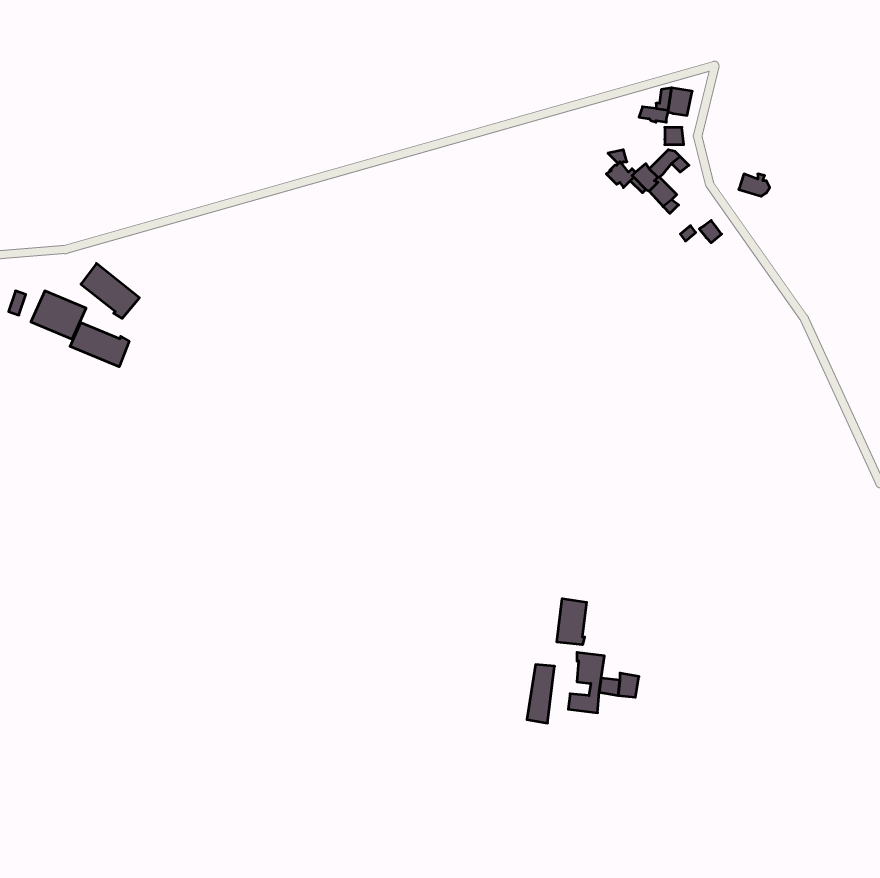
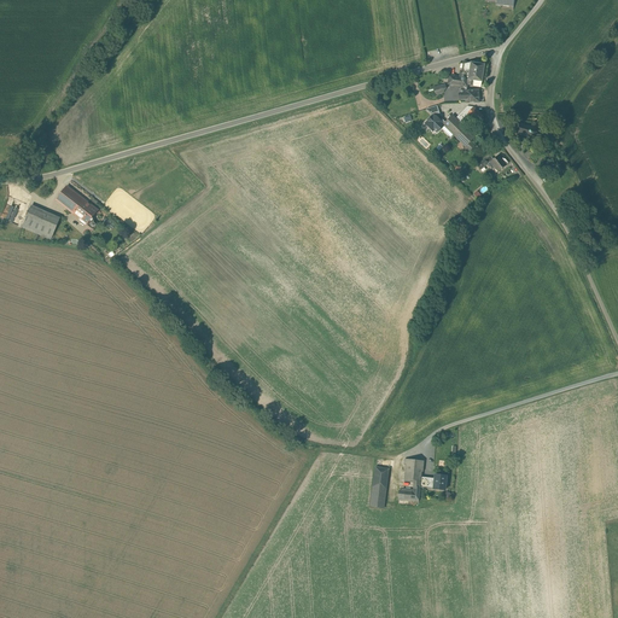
building: [70,322,129,367] -> none
building: [557,599,587,645] -> none

